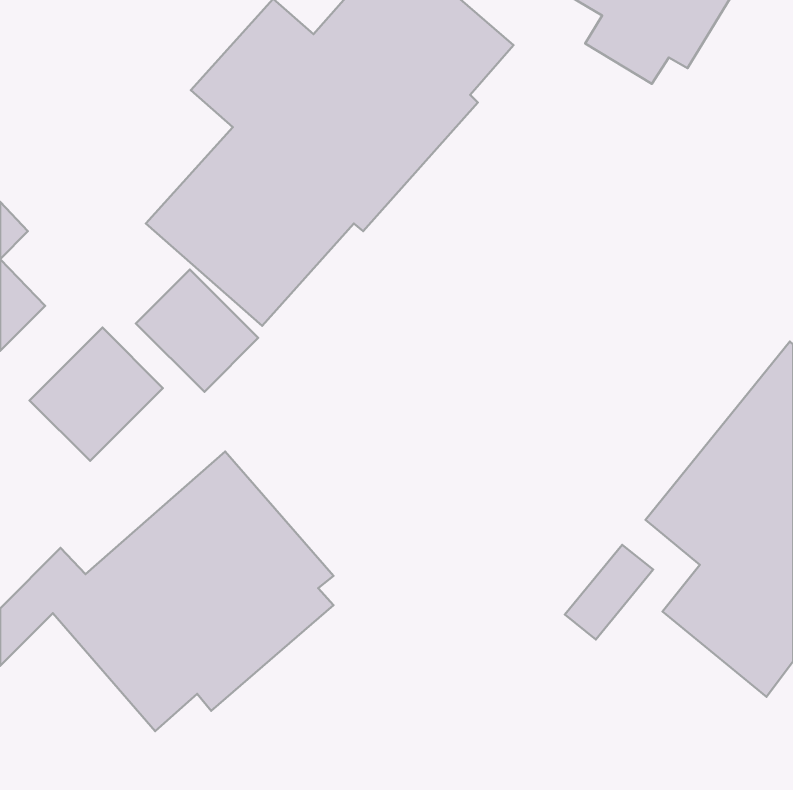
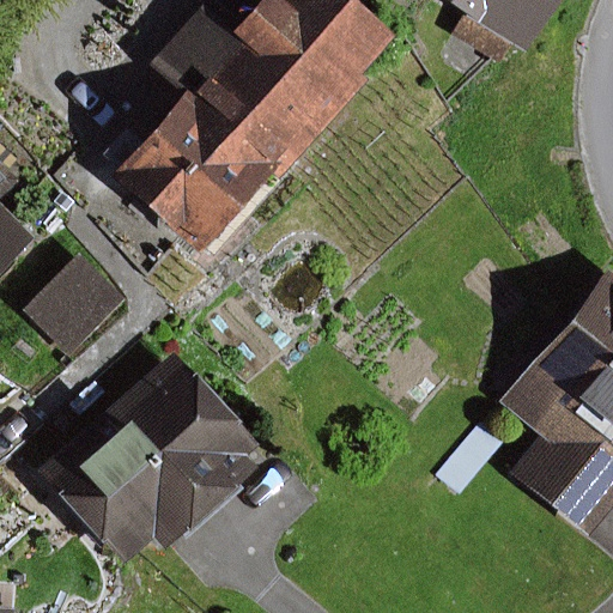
building: [136,270,258,392] -> none

